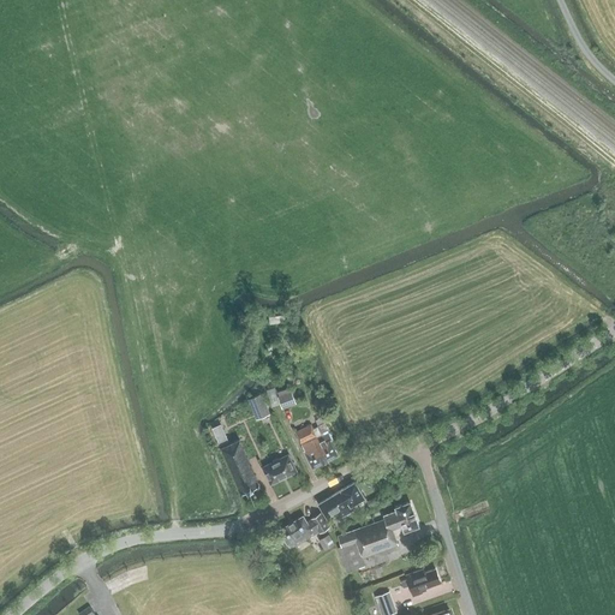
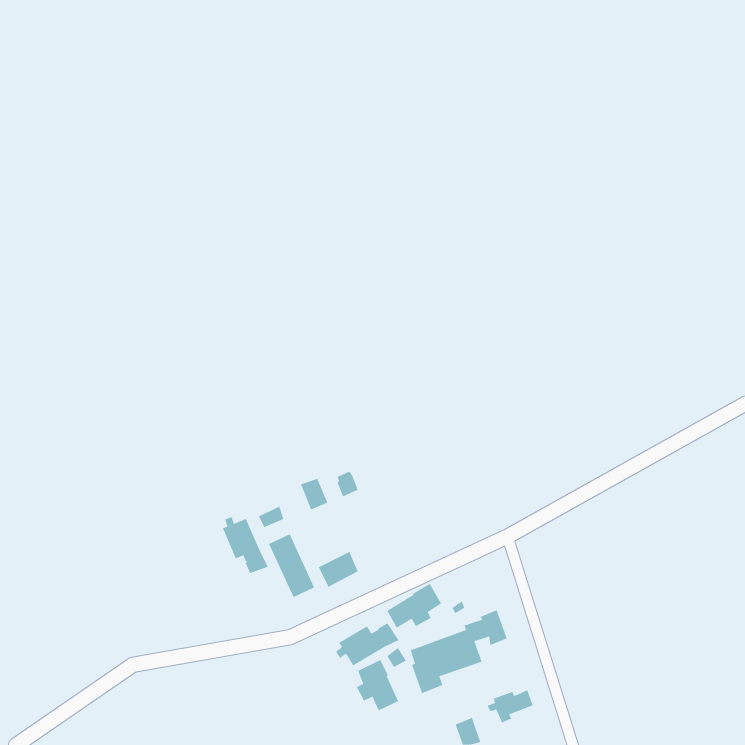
building: [295,424,338,467] -> none
building: none -> [222,516,269,574]
building: none -> [356,659,399,711]

